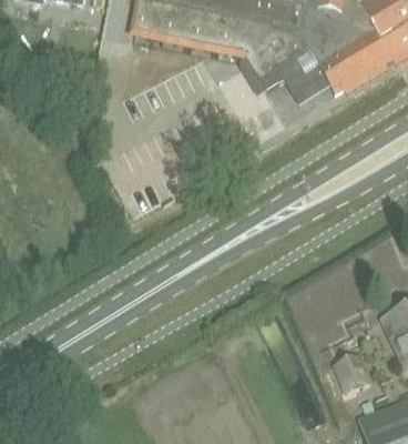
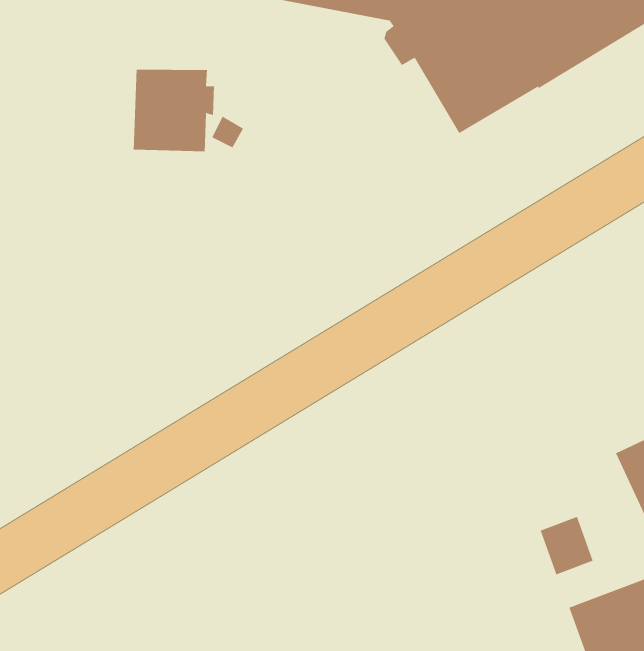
building: none -> [133,69,214,152]

